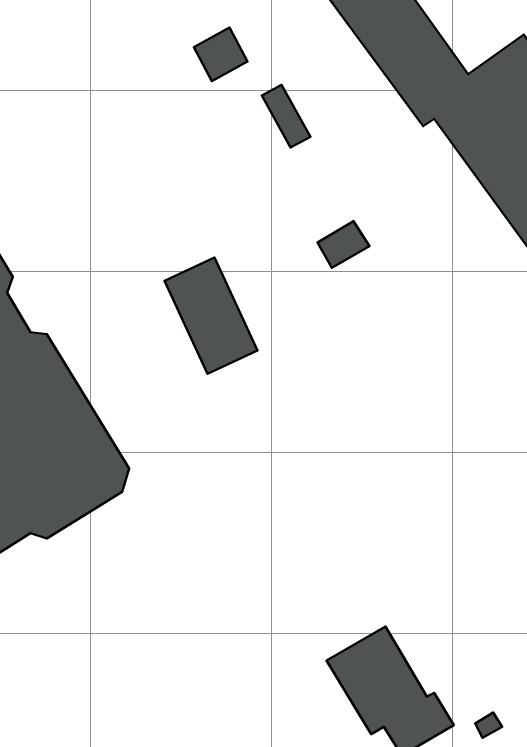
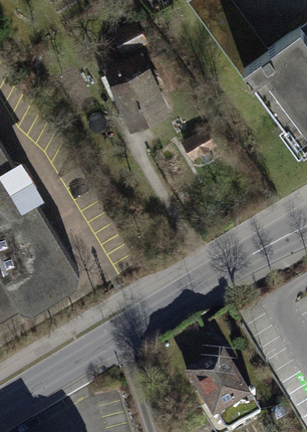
building: [164,257,258,374] -> [110,57,163,123]

